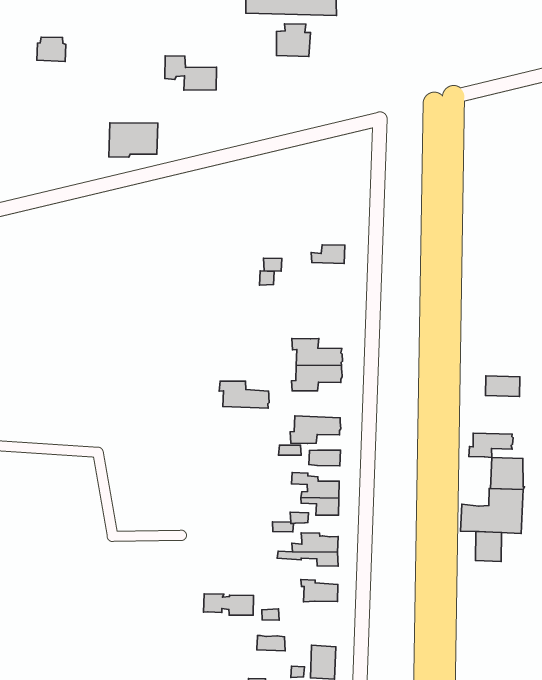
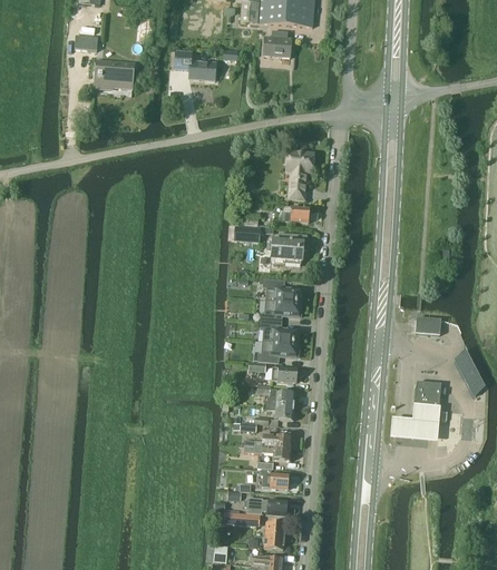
building: [109,123,158,157] -> [95,61,135,89]
building: none -> [286,151,314,199]
building: none -> [270,233,308,264]
building: [219,381,269,408] -> [261,321,300,344]
building: [469,433,513,457] -> none
building: [475,532,502,561] -> none
building: [204,594,253,615] -> [247,498,288,517]

